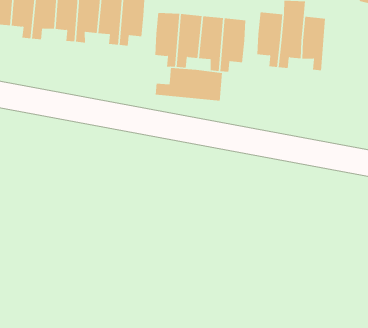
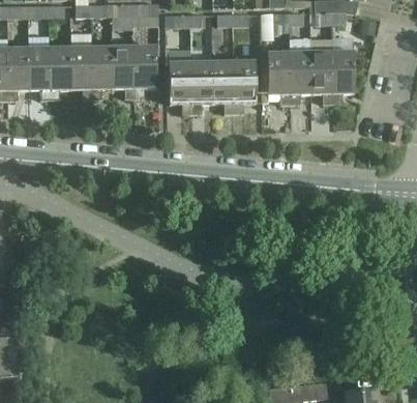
building: none -> [330,51,353,103]
building: [155,67,222,102] -> none

